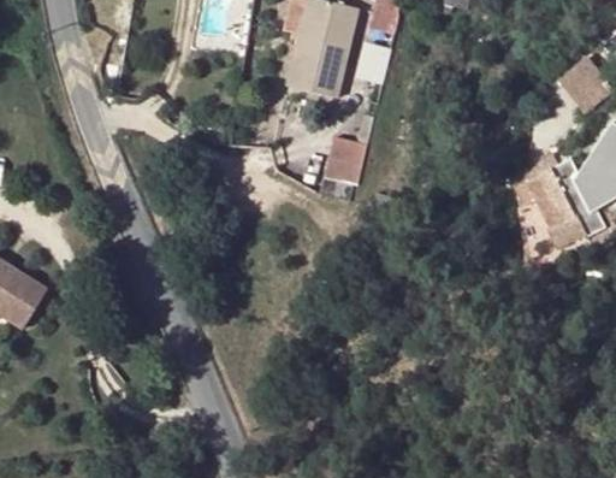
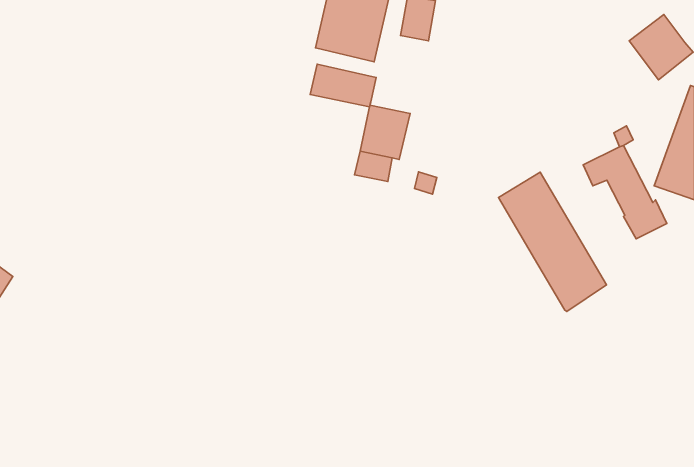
building: none -> [310,64,376,107]
building: none -> [498,172,607,311]

